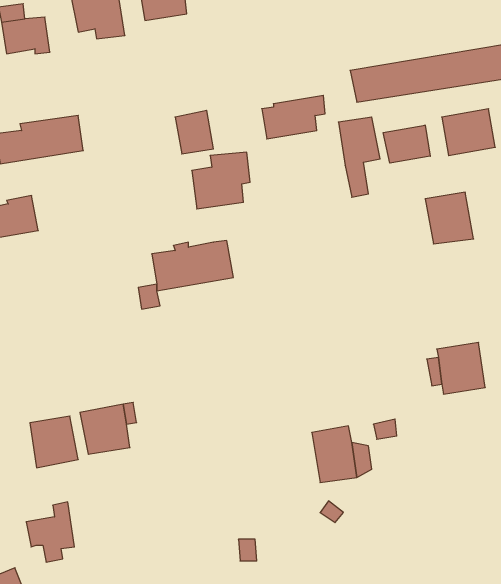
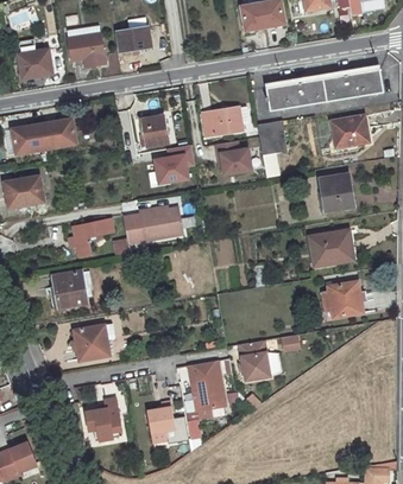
building: [383,125,430,163] -> none
building: none -> [214,141,252,177]
building: none -> [69,219,113,256]
building: none -> [309,230,350,266]
building: [30,416,78,468] -> [52,272,87,308]
building: none -> [188,361,223,410]
building: [26,502,74,562] -> [84,399,119,441]
building: none -> [145,402,172,444]

